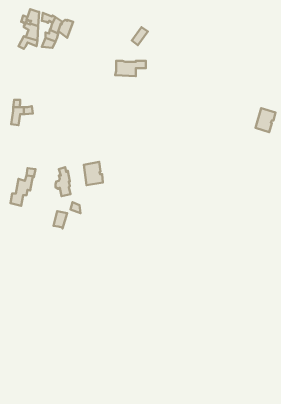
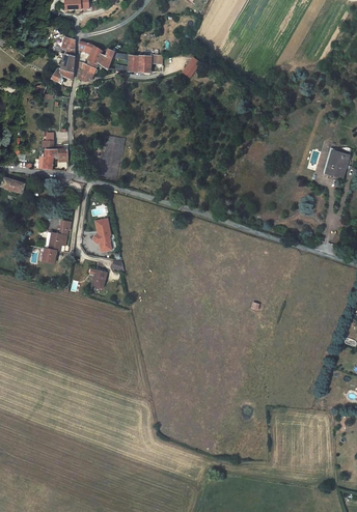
building: [115,61,146,76] -> [127,55,162,73]
building: [84,162,103,185] -> none

